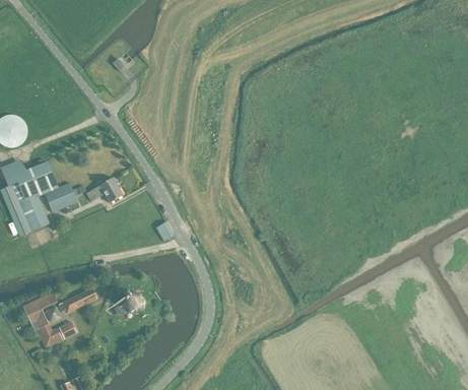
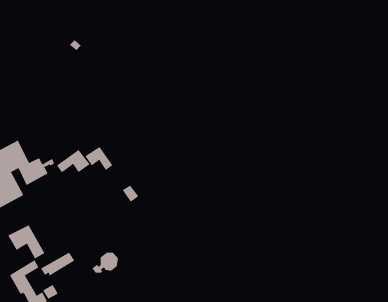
building: none -> [85,146,113,171]
building: none -> [7,224,45,260]

